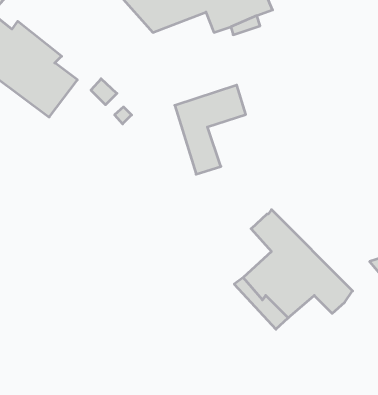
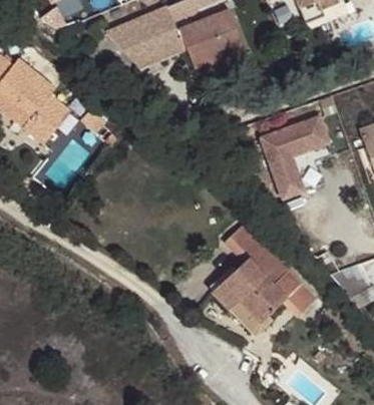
building: [175,85,246,174] -> [263,114,326,193]

